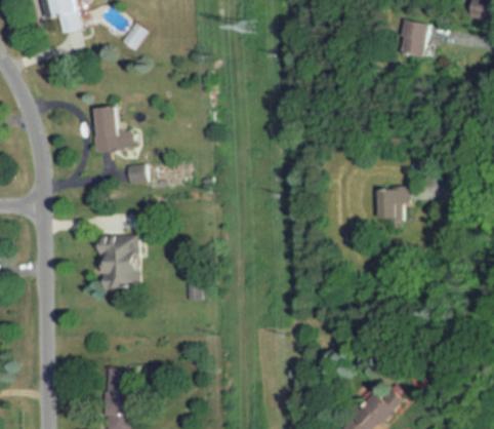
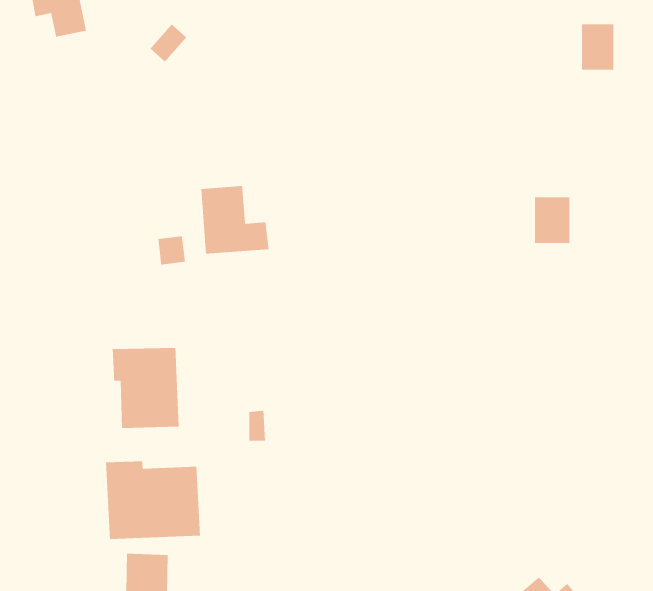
building: [90,108,135,153] -> [200,185,269,254]
building: [379,189,403,220] -> [534,197,570,244]
building: none -> [105,461,201,540]

